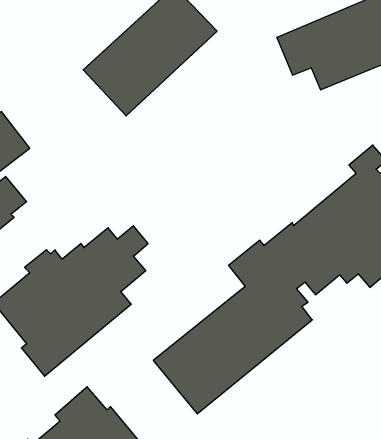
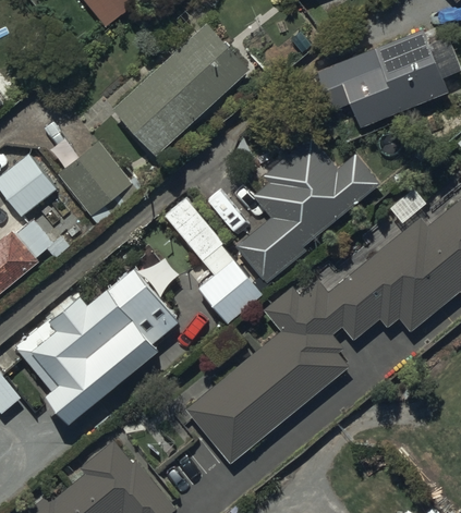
building: none -> [52,133,136,221]
building: none -> [233,135,379,284]
building: none -> [162,193,263,321]

